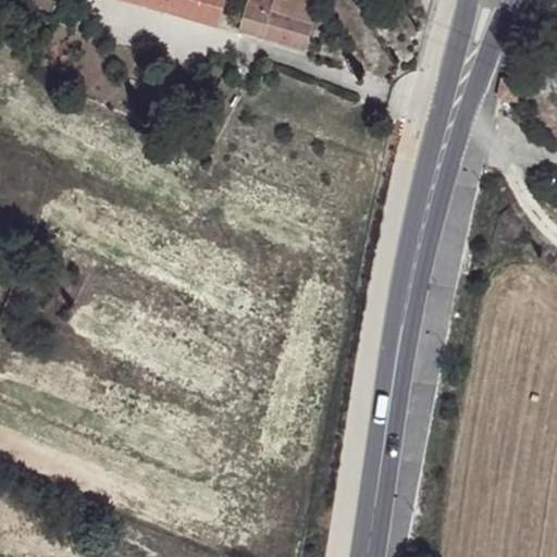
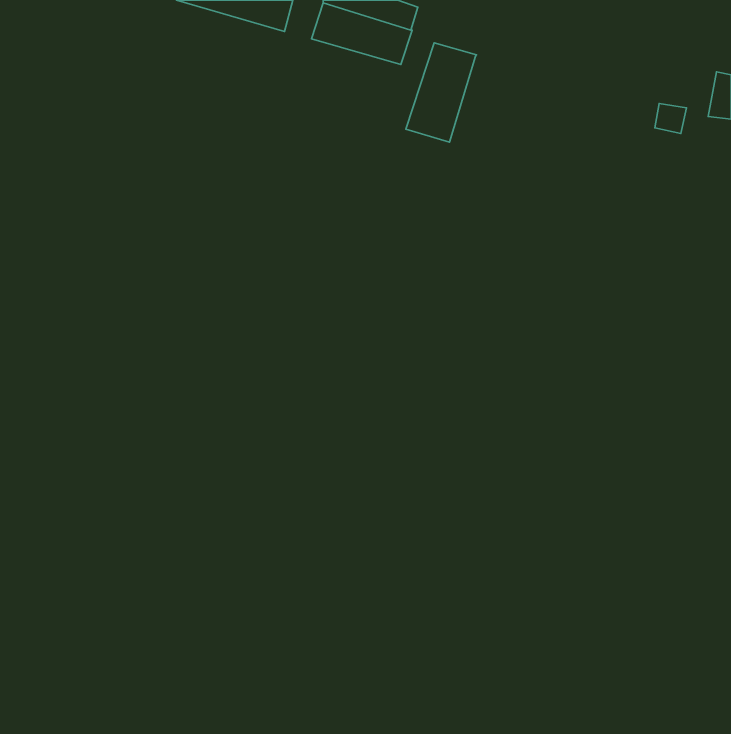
building: none -> [406,43,476,142]

